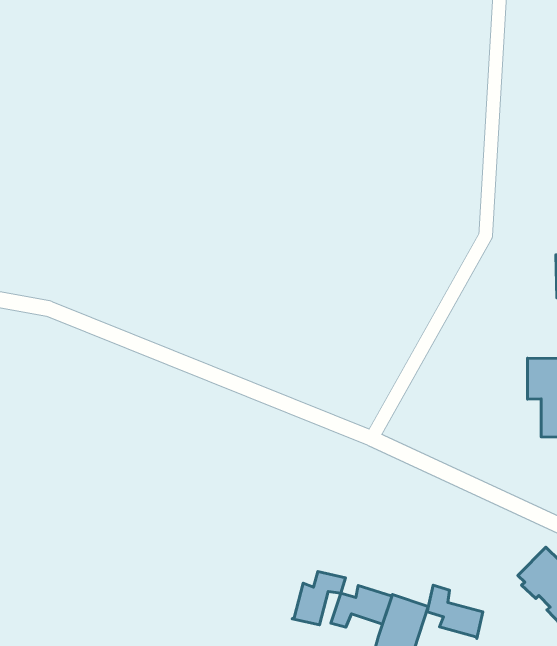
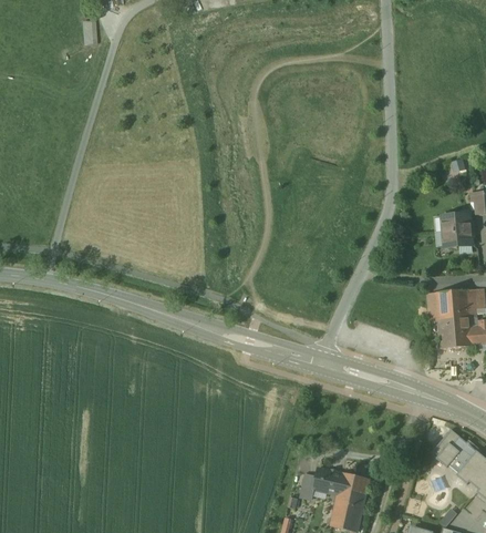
building: [292,571,345,625] -> none
building: [427,585,483,639] -> none

